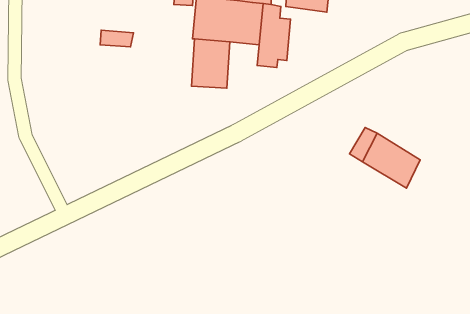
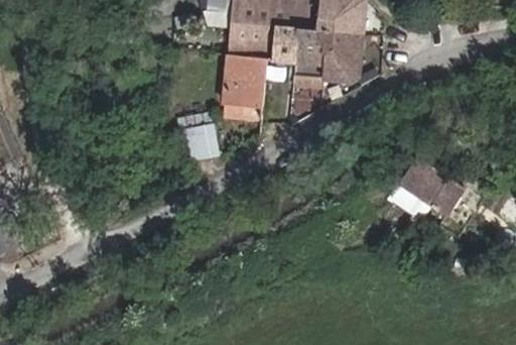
building: none -> [315,26,364,83]
building: none -> [182,125,220,156]

